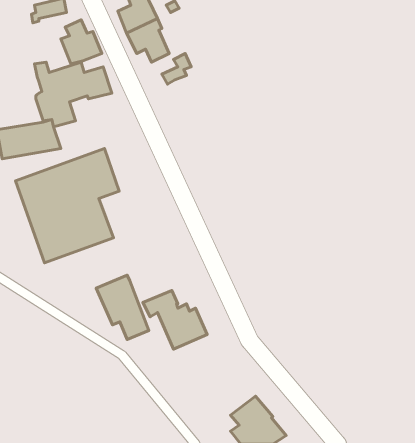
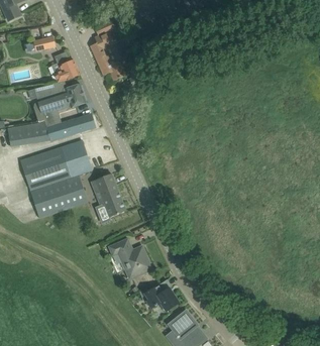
building: none -> [45,113,94,140]
building: [96,275,149,339] -> [89,171,125,216]
building: none -> [144,283,179,310]

